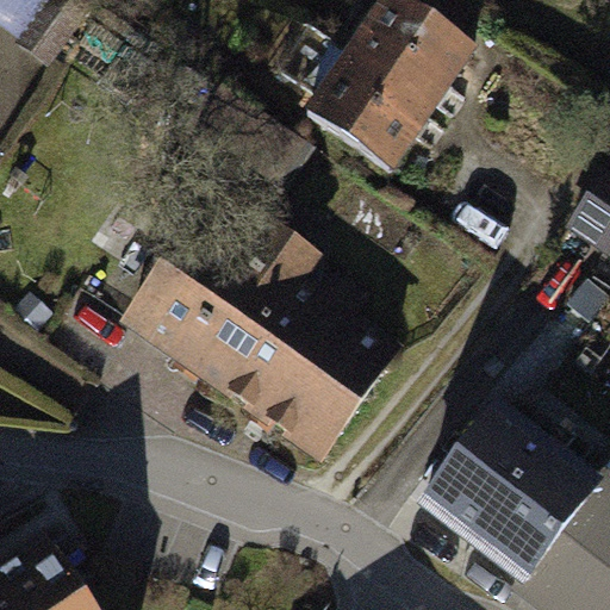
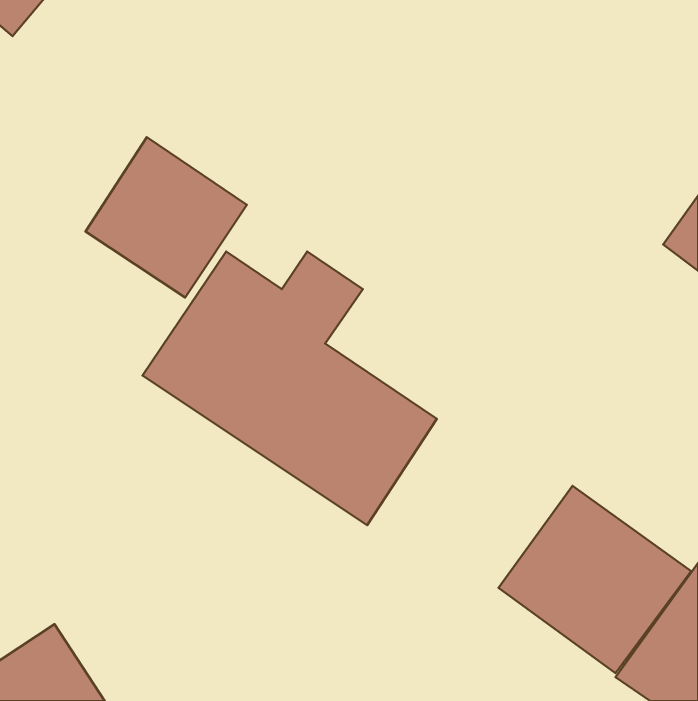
building: [312,6,466,170] -> none
building: none -> [85,137,247,298]

